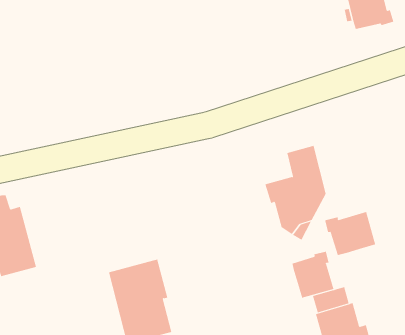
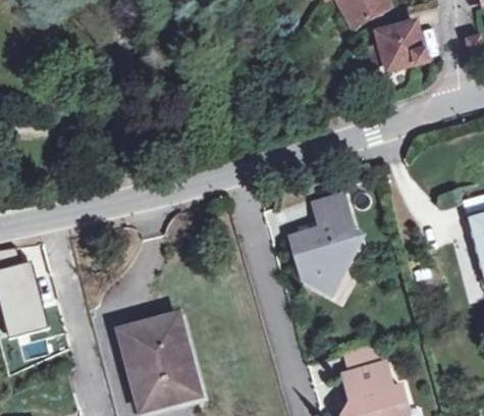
building: [325,211,376,256] -> none
building: [292,251,334,298] -> none

